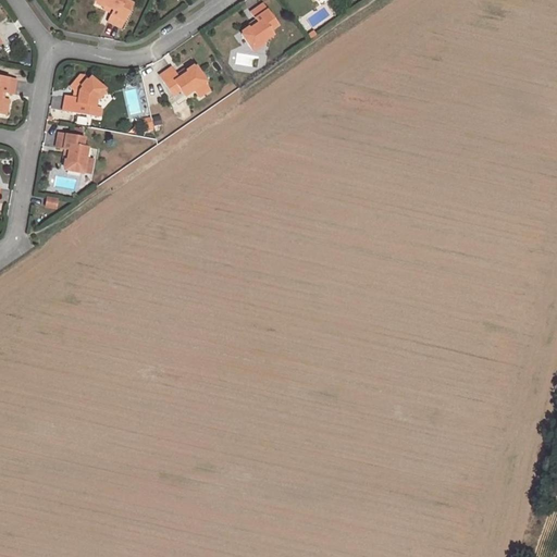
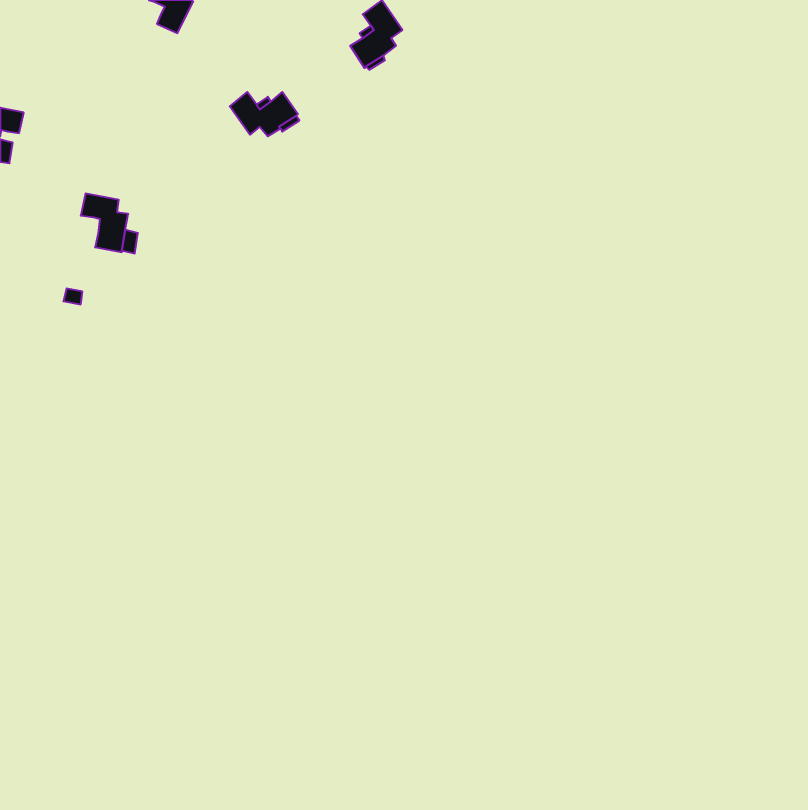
building: [64,76,106,116] -> none

